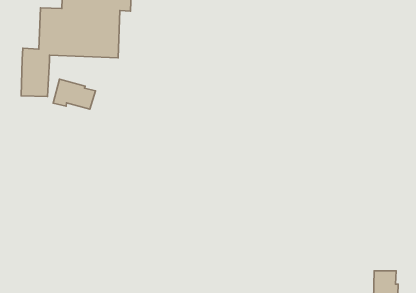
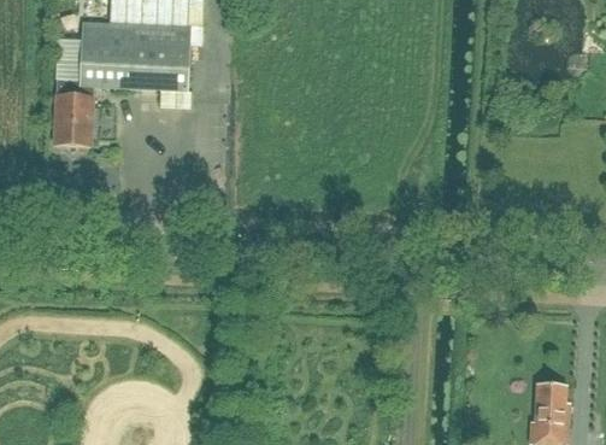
building: [53,79,95,109] -> none

